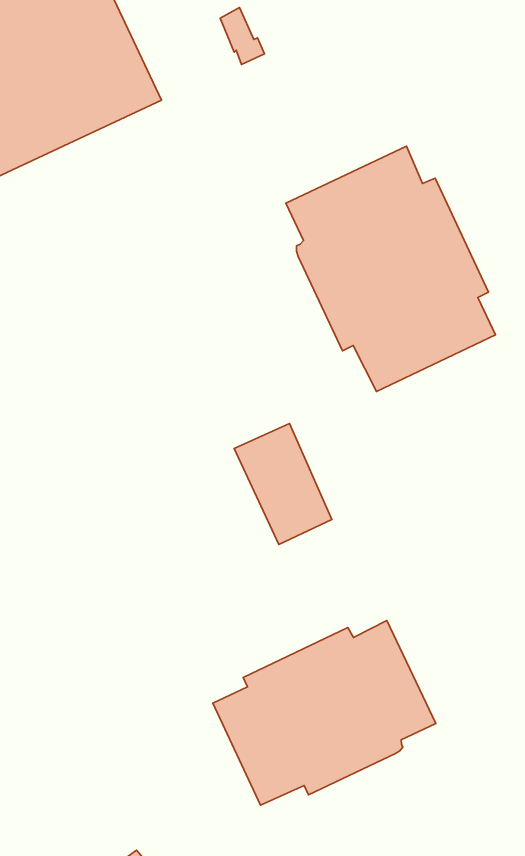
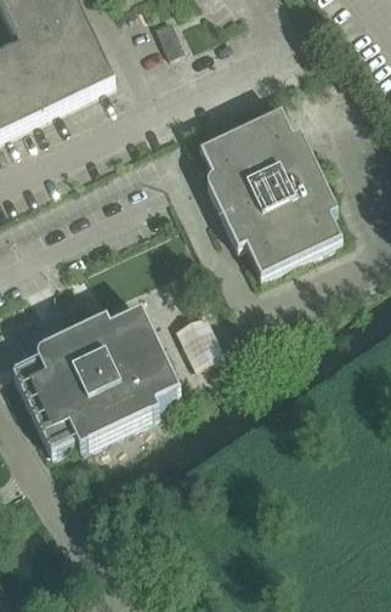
building: none -> [12,307,180,450]
building: [213,620,436,805] -> none

